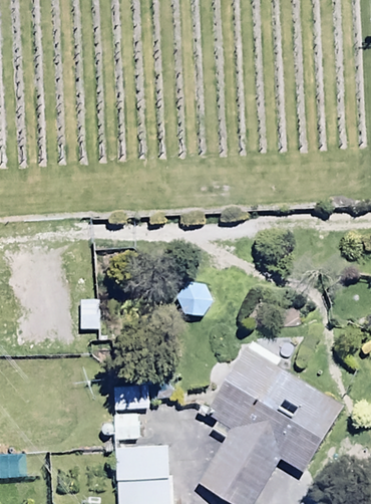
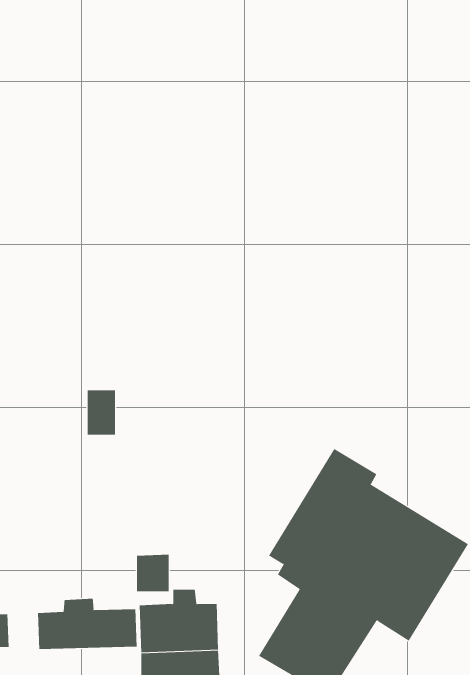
building: none -> [38,598,137,650]

